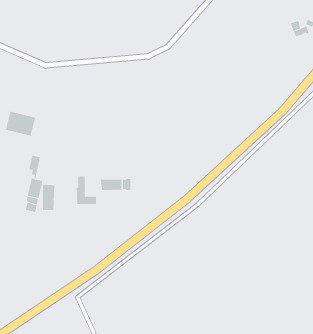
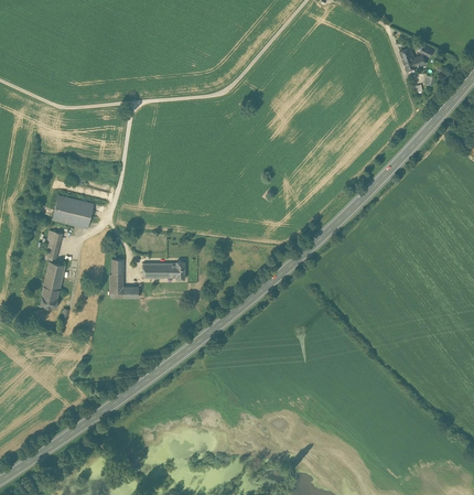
building: [5,111,36,136] -> [52,194,94,228]
building: [43,184,55,211] -> none

